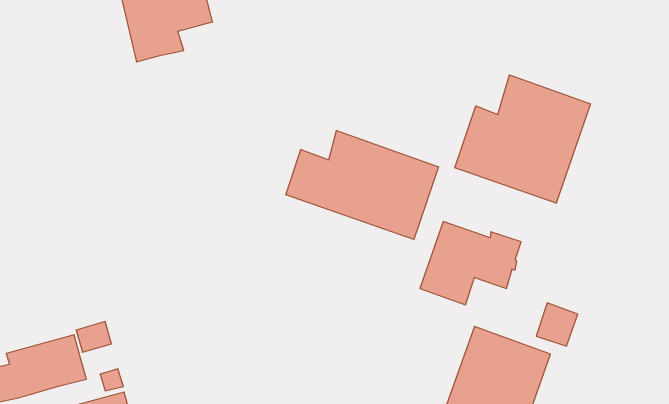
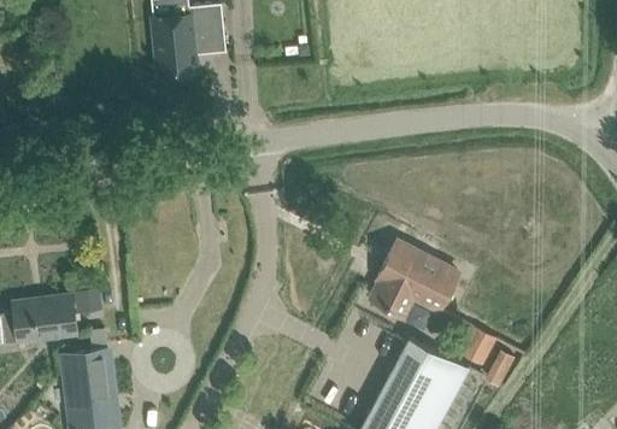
building: [455,75,590,203] -> none
building: [286,130,439,239] -> none

